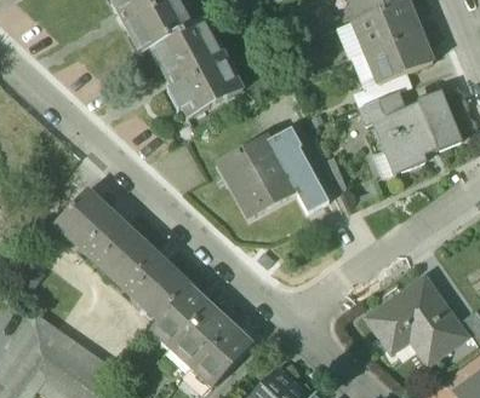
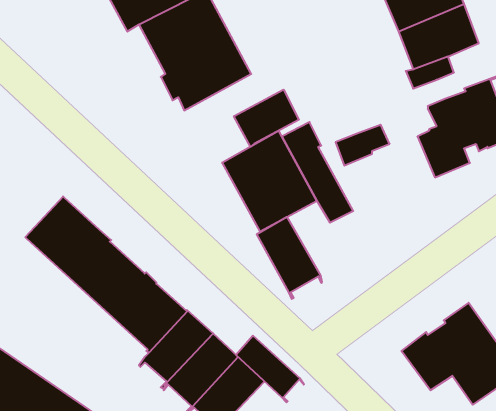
building: [359,92,404,126] -> [336,125,390,166]
building: none -> [234,90,299,147]
building: none -> [257,217,322,299]
building: none -> [236,336,304,402]

